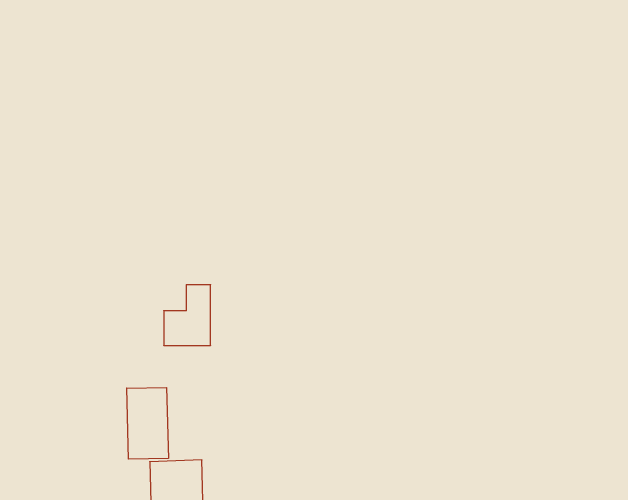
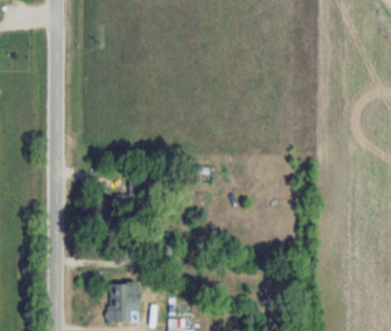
building: [127,388,168,459] -> none

